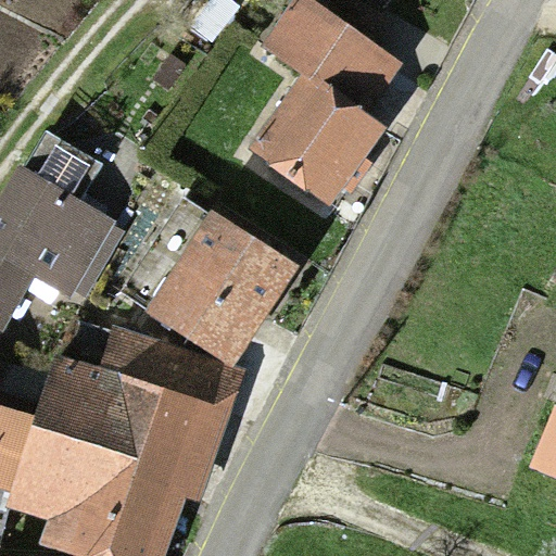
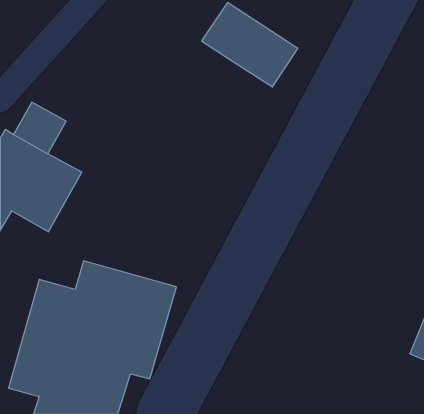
building: [252,77,380,205] -> none
building: [149,217,293,367] -> none

